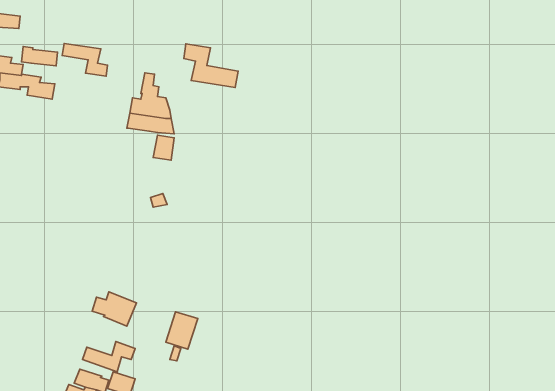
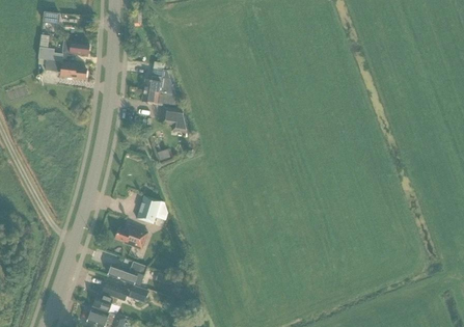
building: [62,43,108,76] -> none
building: [184,44,238,87] -> none
building: [166,312,198,349] -> [136,195,160,223]

